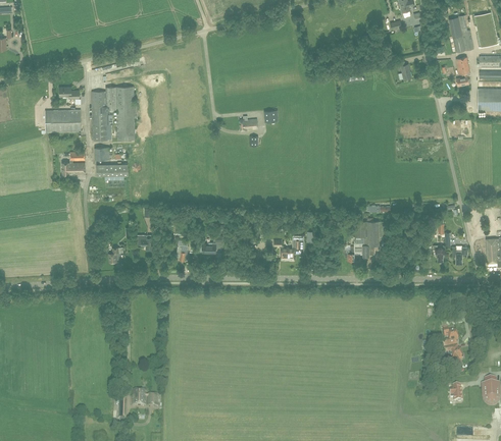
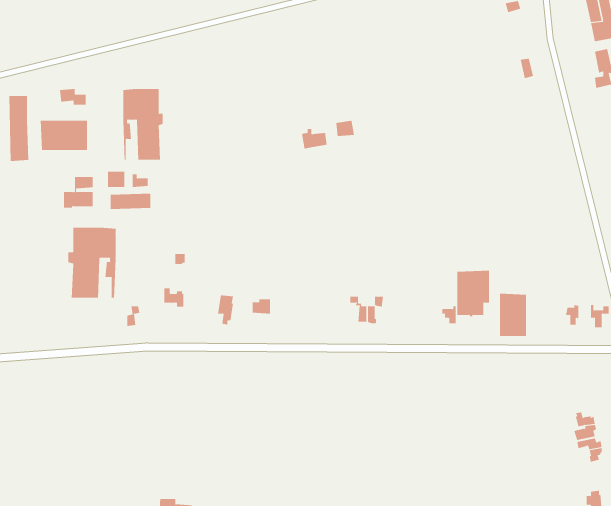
building: [92,92,107,141] -> [9,96,29,162]
building: none -> [68,227,116,299]
building: none -> [499,293,527,337]

